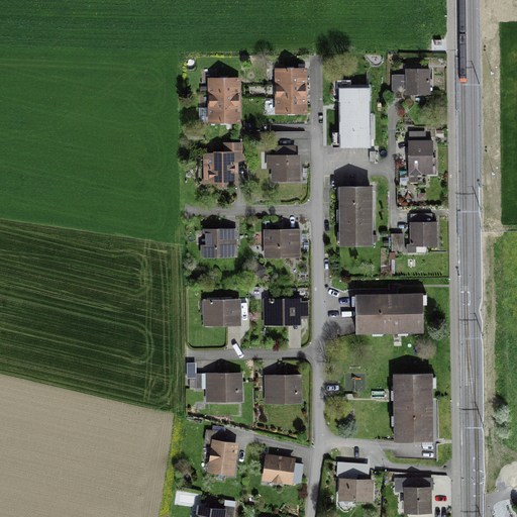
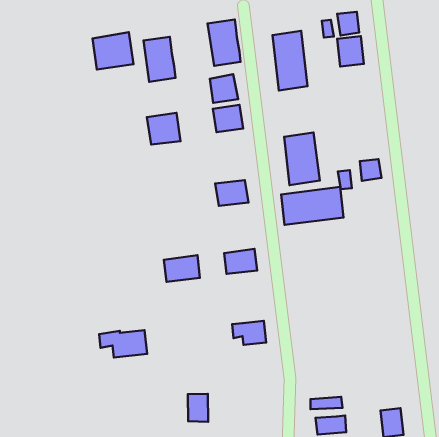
building: none -> [92,32,134,70]
building: none -> [210,74,238,103]
building: [410,143,434,172] -> [337,36,364,66]
building: [202,231,235,256] -> none
building: [358,298,419,330] -> [281,187,344,225]
building: [195,372,241,398] -> [99,330,147,357]
building: [396,380,431,436] -> none
building: [265,454,293,479] -> none

